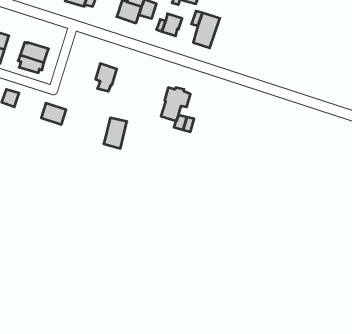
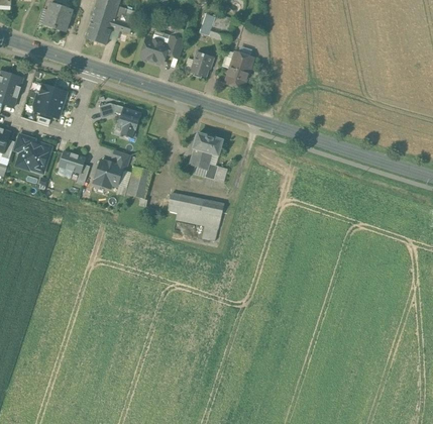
building: none -> [17,142,50,173]
building: none -> [93,161,122,188]
building: none -> [166,194,223,241]

